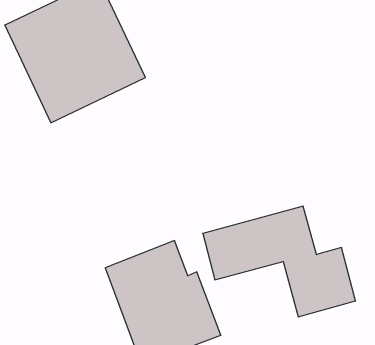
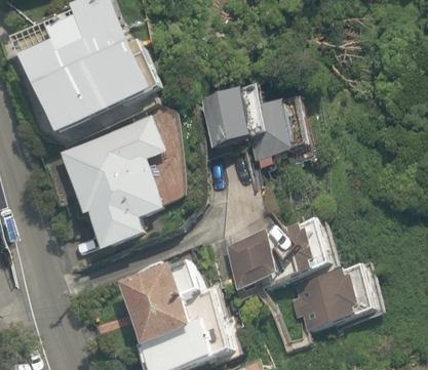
building: none -> [199,87,311,165]
building: none -> [53,111,172,254]

